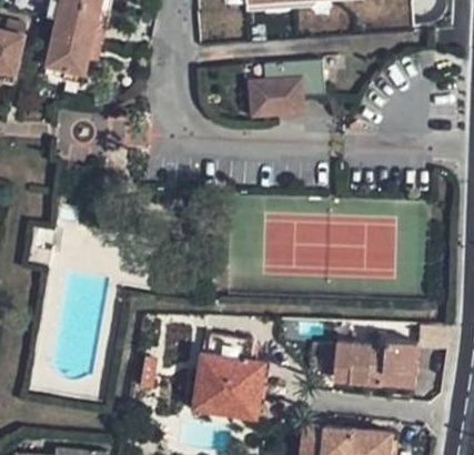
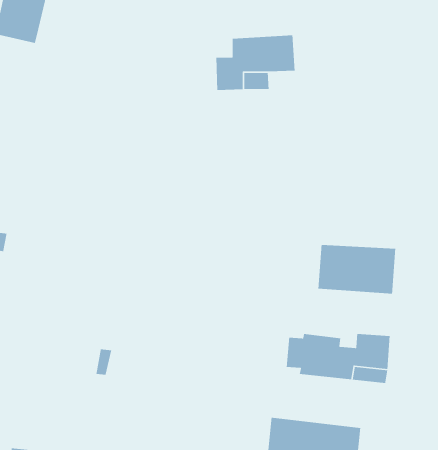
building: none -> [318,244,396,294]
building: [196,333,263,413] -> none

